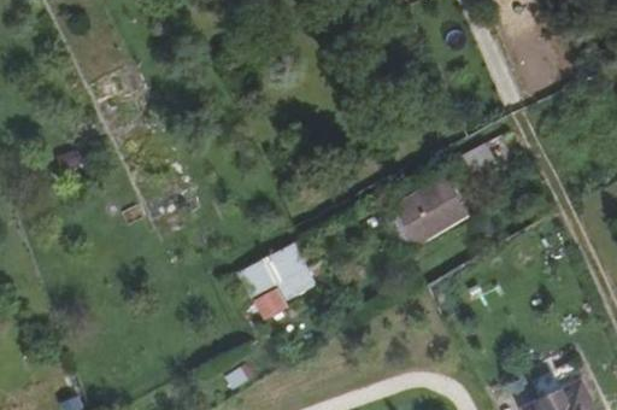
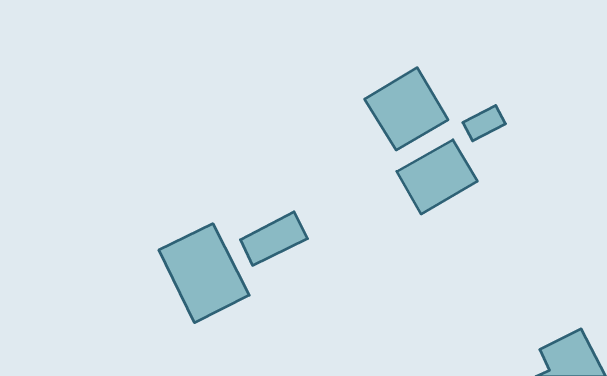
building: none -> [365,68,448,150]
building: none -> [159,224,249,323]

